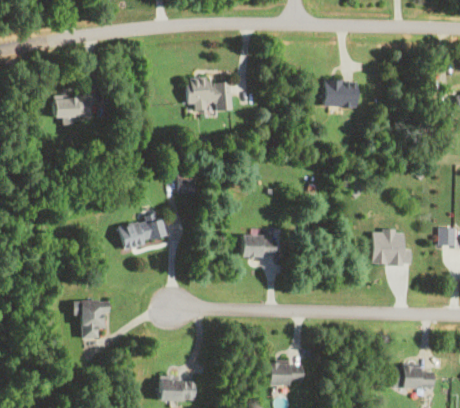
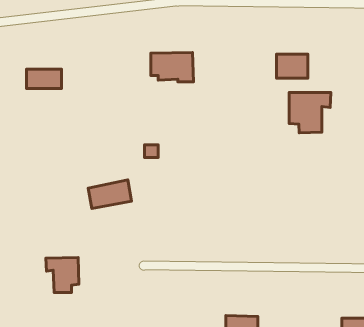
building: none -> [289,92,331,133]
building: [241,236,276,256] -> none
building: [376,239,411,260] -> none

